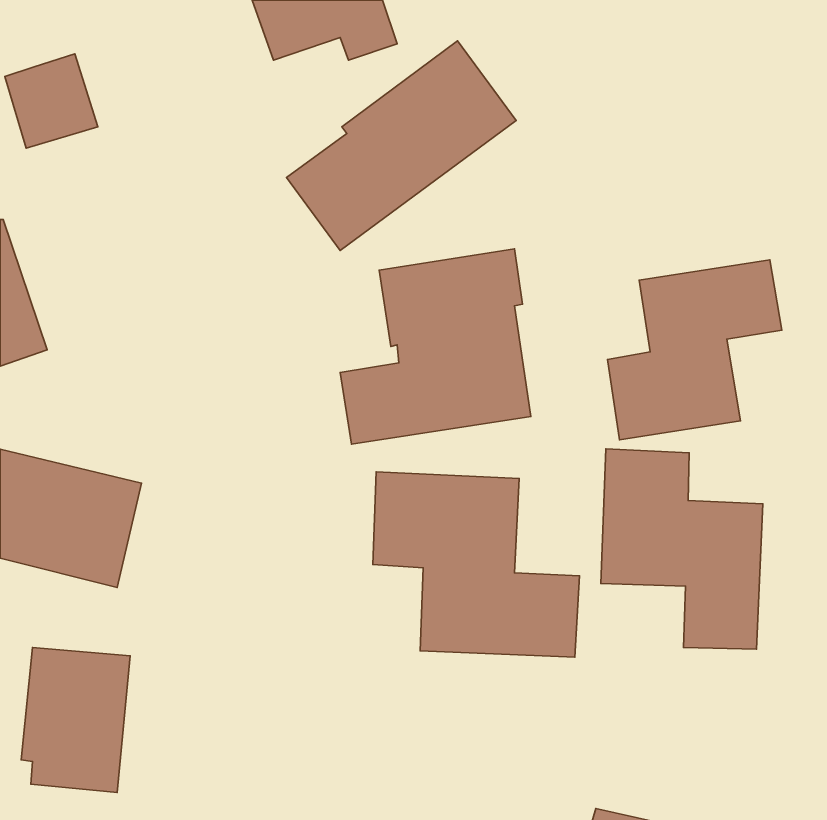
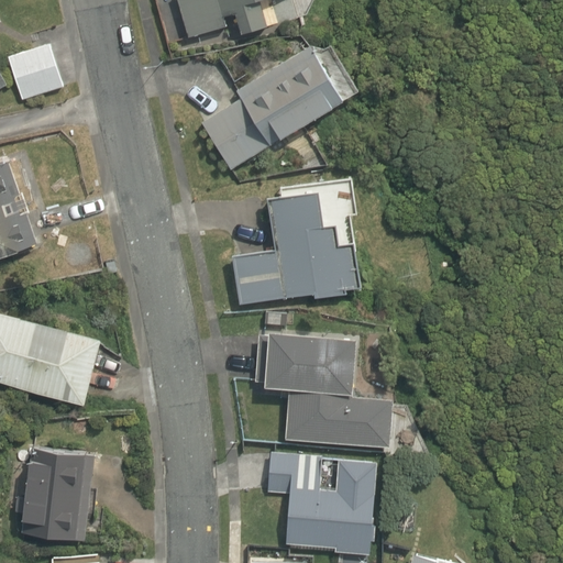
building: [608,260,782,440] -> none
building: [601,449,763,649] -> none
building: none -> [269,453,379,558]

